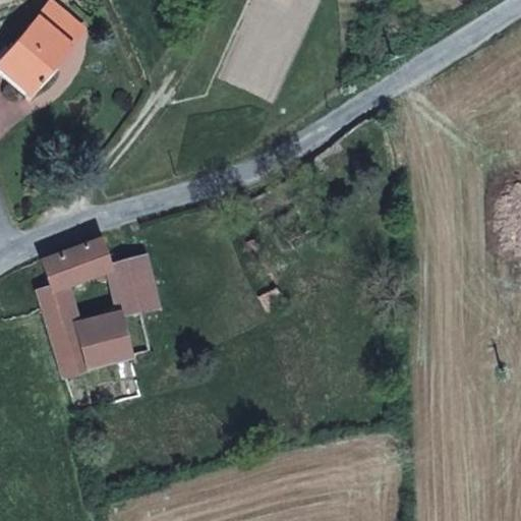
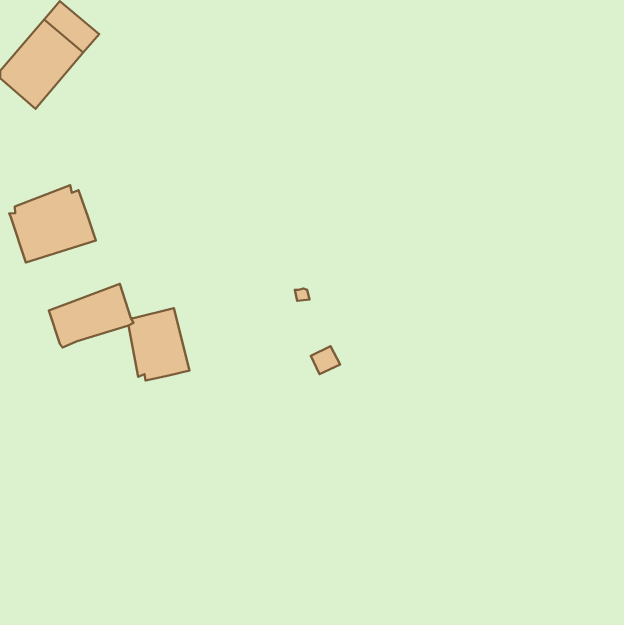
building: none -> [9,185,96,262]
building: [39,284,132,374] -> none

